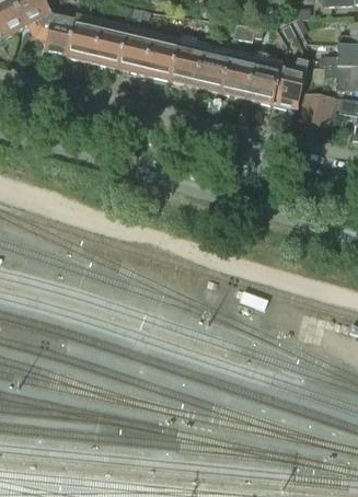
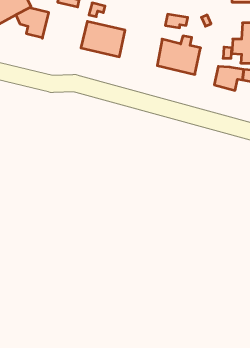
building: [67,20,128,68] -> none
building: [172,44,230,92] -> none
building: [275,59,310,107] -> none

